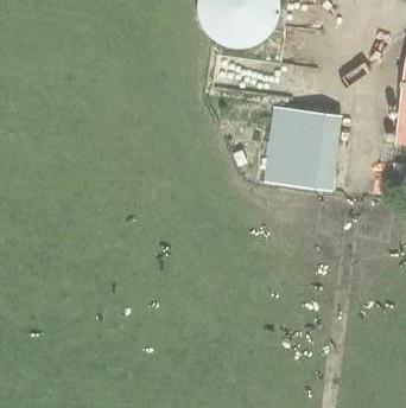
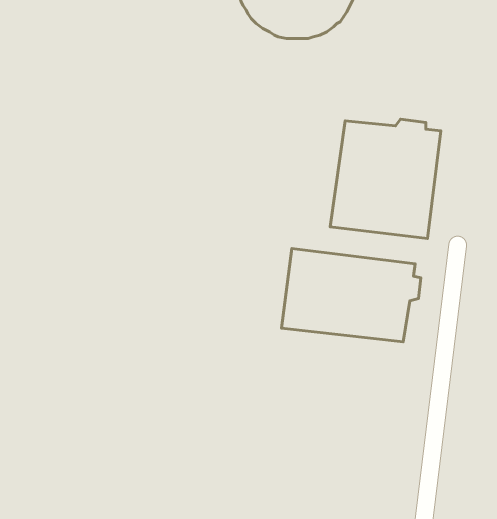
building: none -> [281,249,421,342]

